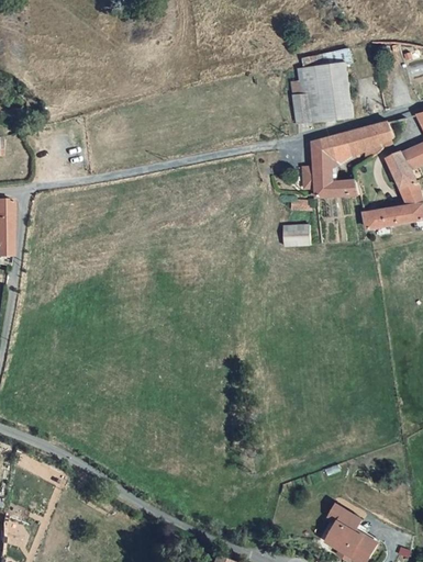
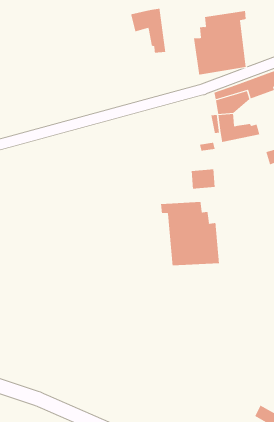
building: none -> [131,8,166,53]
building: none -> [160,201,219,266]

